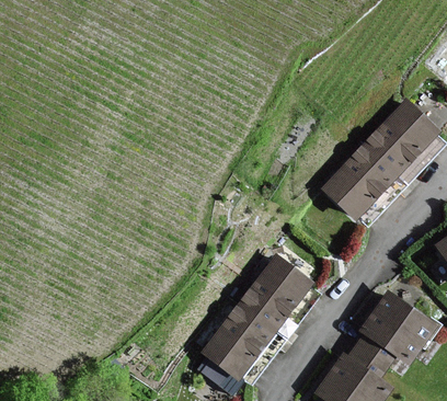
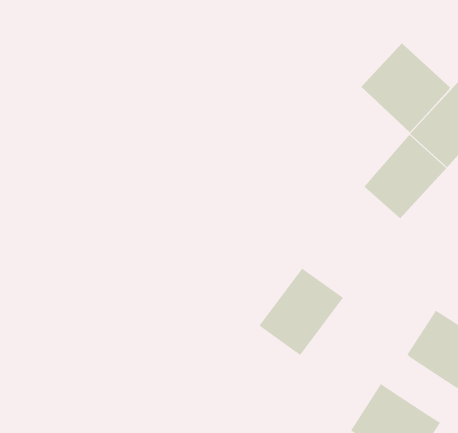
building: none -> [361,42,450,133]
building: [202,306,274,379] -> none
building: [347,332,397,379] -> none

